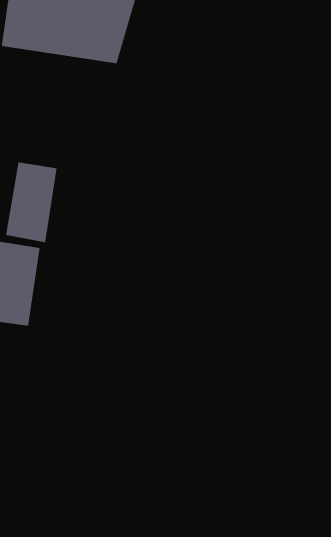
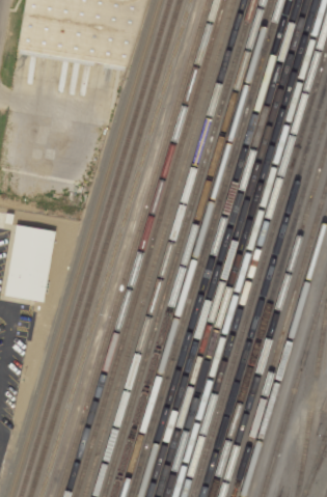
building: [5,161,58,243] -> none

